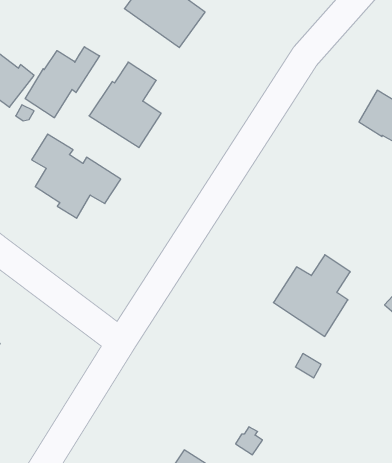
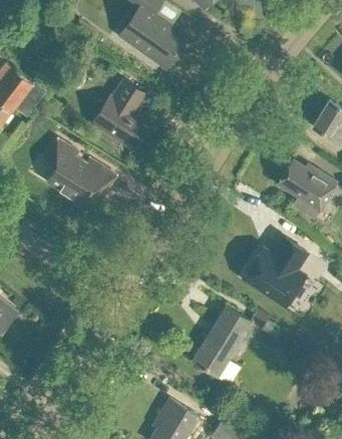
building: [25,47,100,118] -> none
building: none -> [277,159,336,218]
building: none -> [193,306,252,376]

